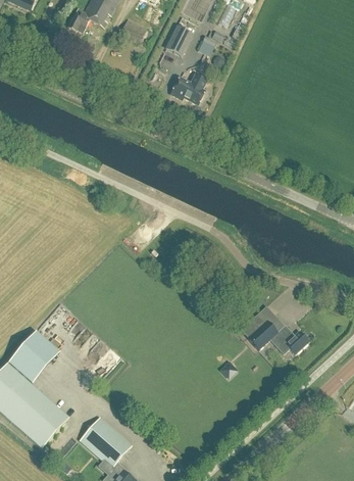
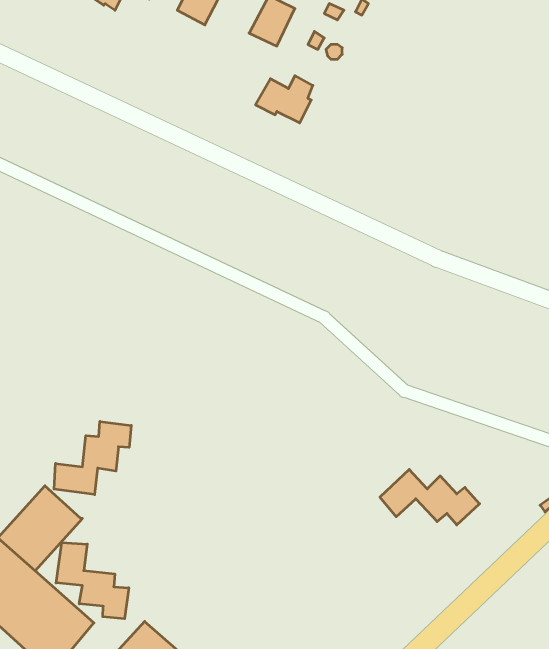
building: none -> [54,421,131,495]
building: none -> [56,543,129,619]

